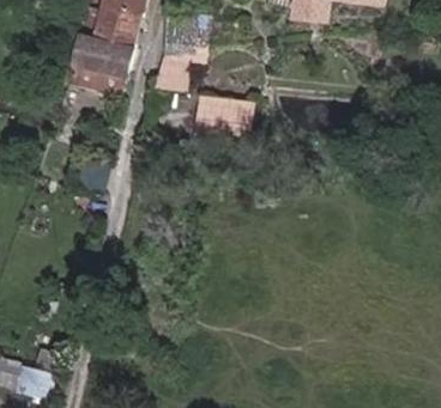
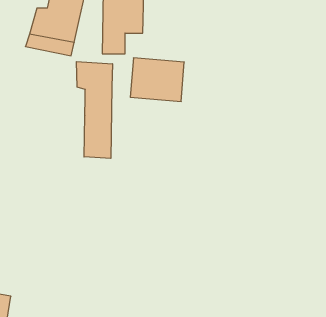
building: none -> [77,62,112,158]

